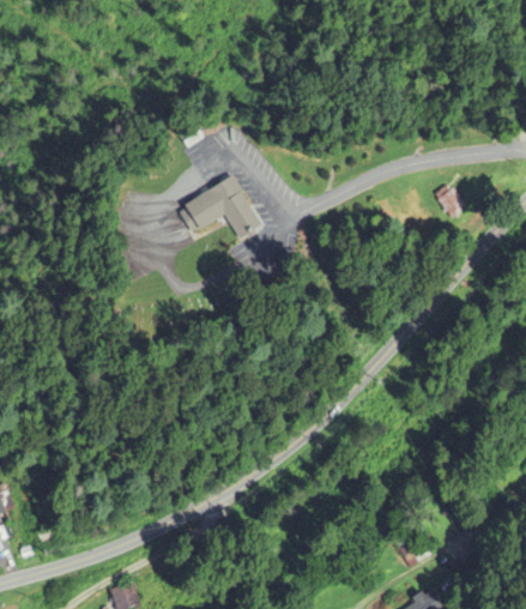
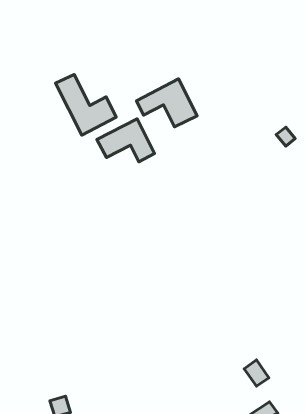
building: none -> [55,75,116,135]
building: none -> [137,79,197,127]

